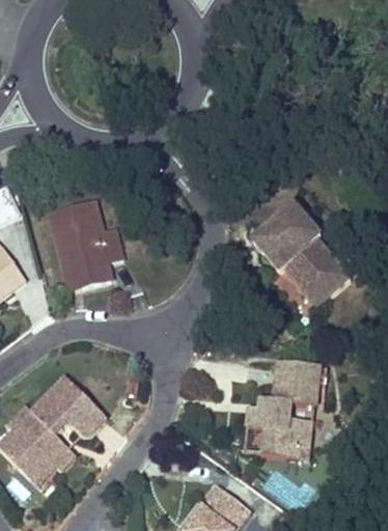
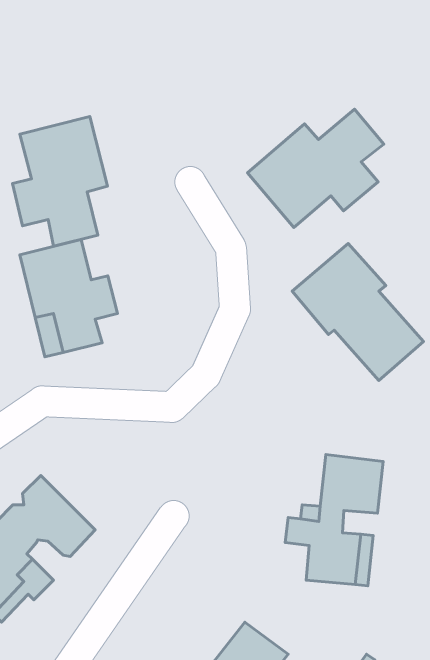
building: none -> [247,109,384,228]
building: none -> [13,117,108,246]

